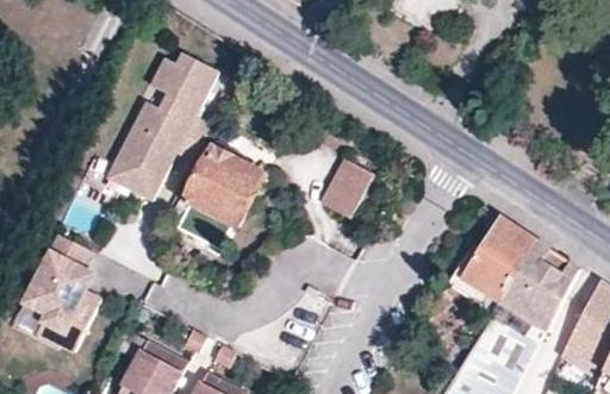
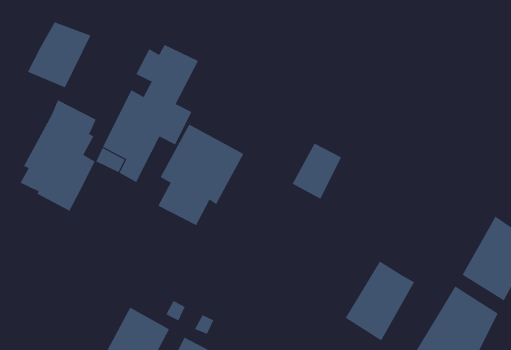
building: none -> [27,21,91,88]
building: [461,215,536,301] -> [345,261,415,341]
building: [13,230,95,350] -> [20,100,97,212]

